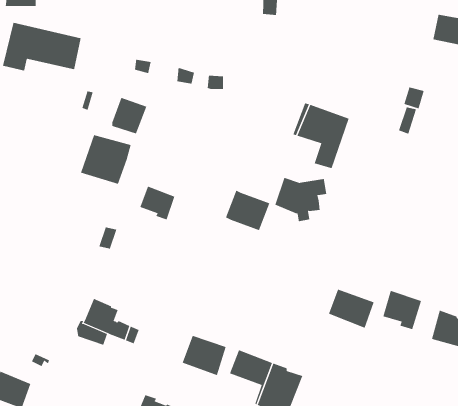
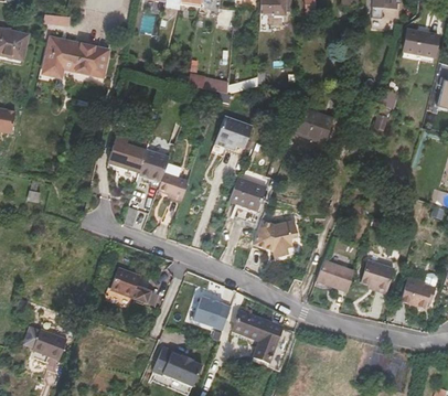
building: [112,97,147,134] -> [140,151,170,182]
building: none -> [214,116,252,156]
building: [274,177,327,222] -> [254,221,298,258]

